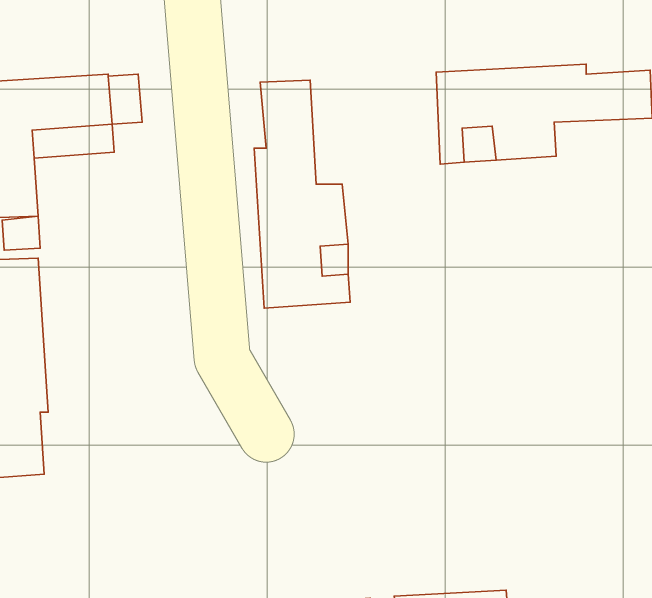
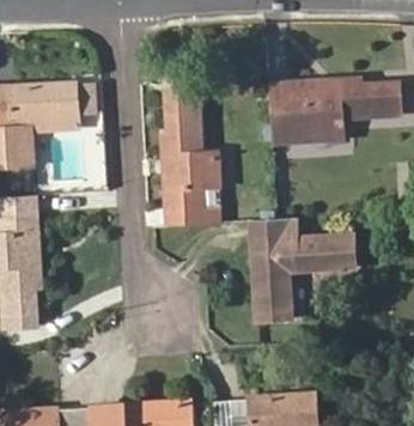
building: none -> [252,218,336,320]

